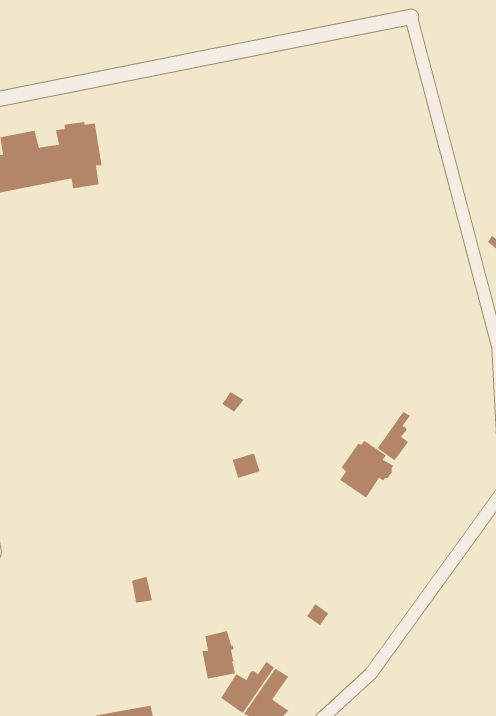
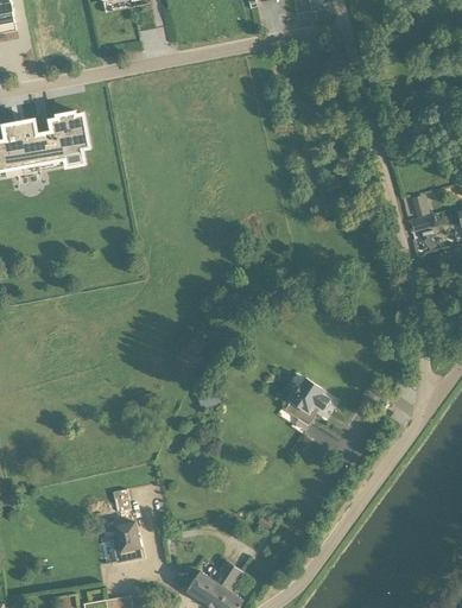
building: [377,411,411,461] -> none
building: [202,631,236,679] -> [112,521,140,562]

